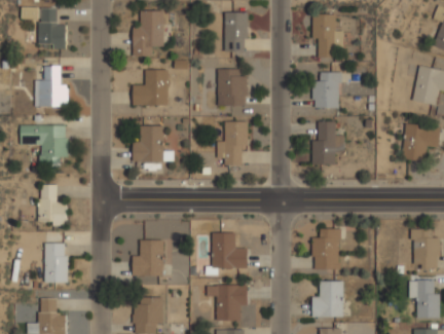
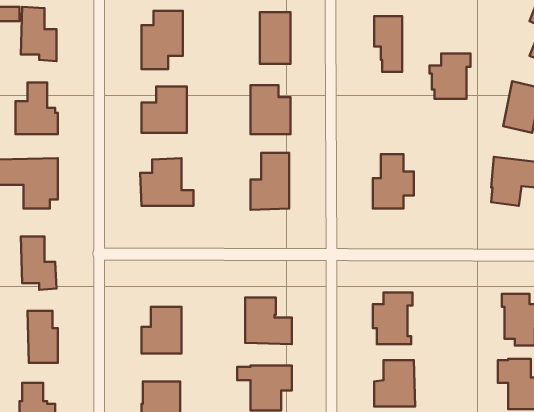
building: [310,72,342,107] -> [429,54,471,99]

